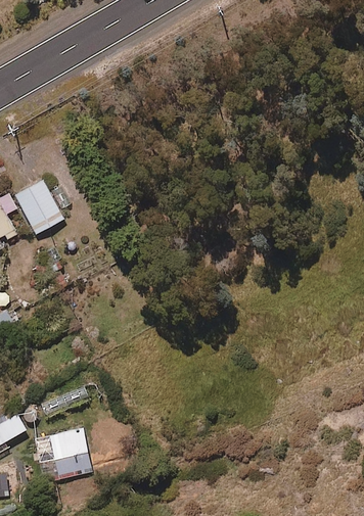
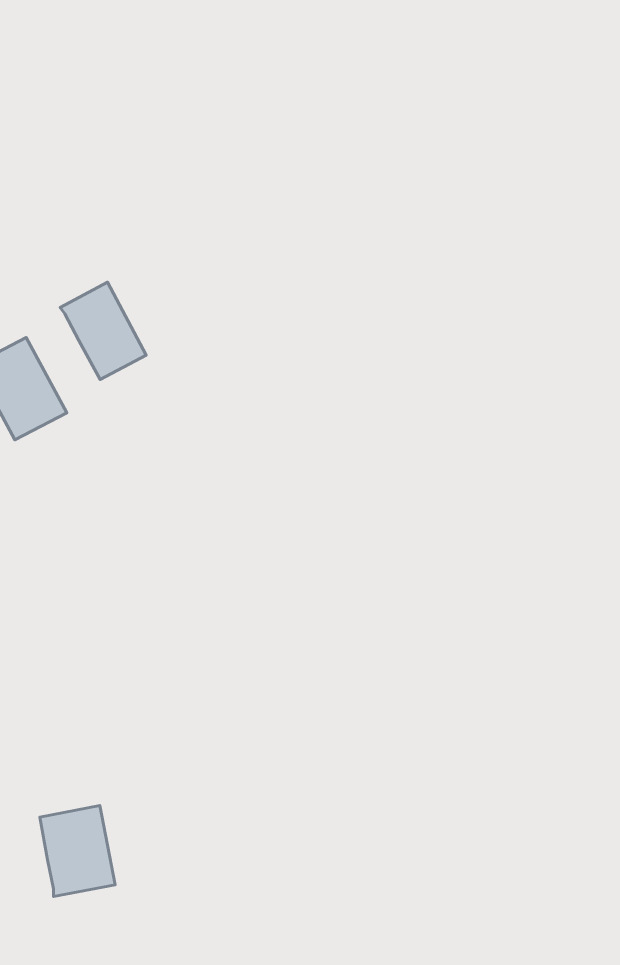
building: none -> [60,282,146,379]

